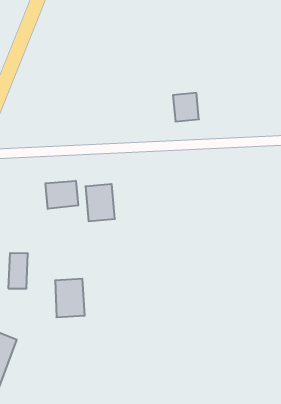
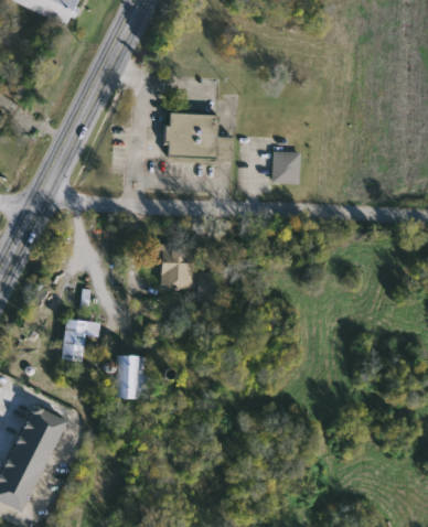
building: none -> [165,110,233,159]
building: [45,181,78,209] -> none

